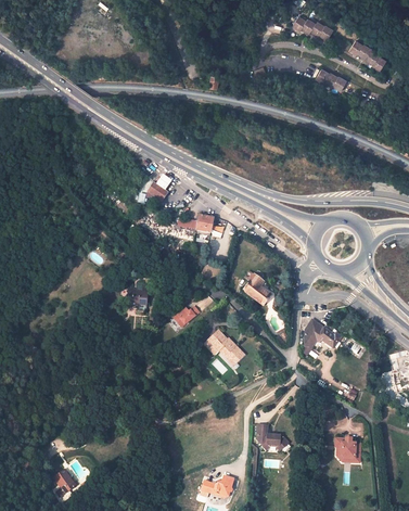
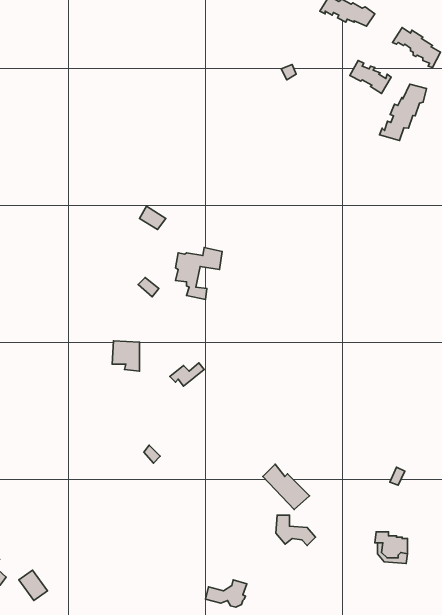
building: none -> [379,84,427,141]
building: [243,272,271,305] -> none
building: [304,319,341,346] -> none
building: [208,329,245,365] -> [263,464,309,509]

